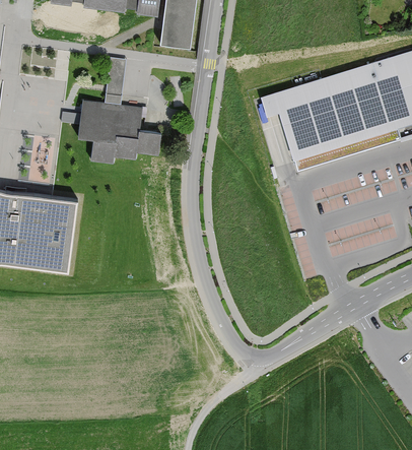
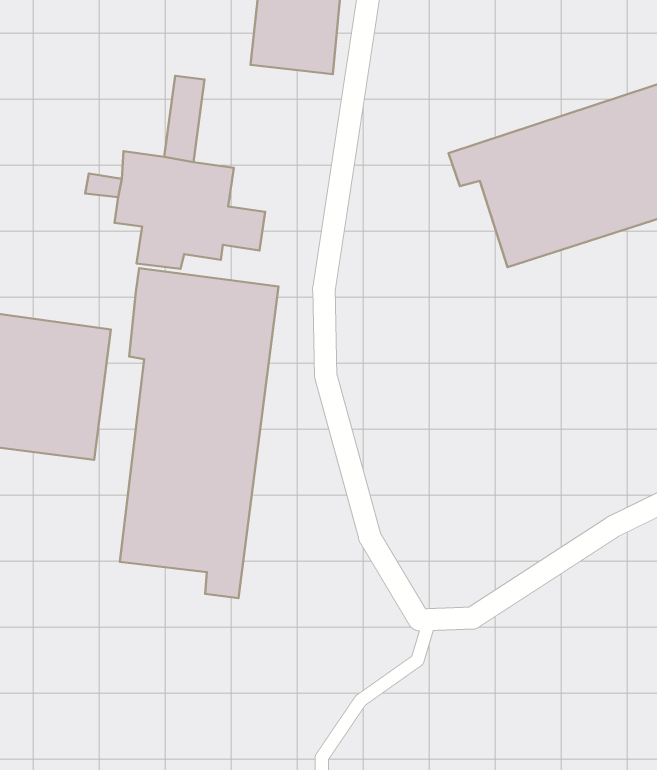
building: none -> [120,268,278,598]

